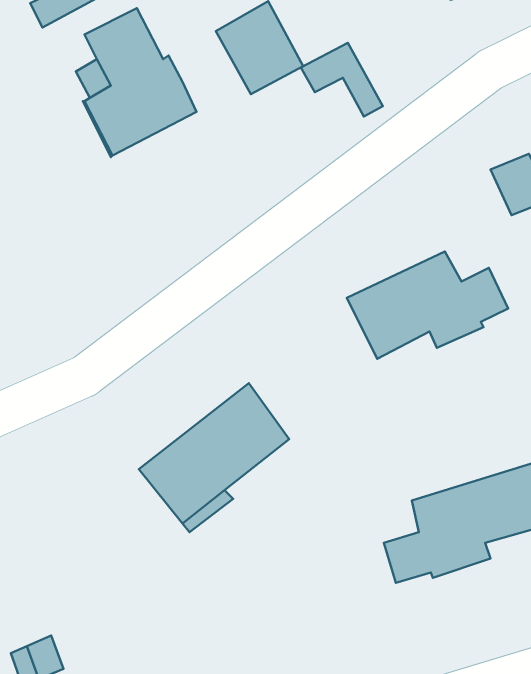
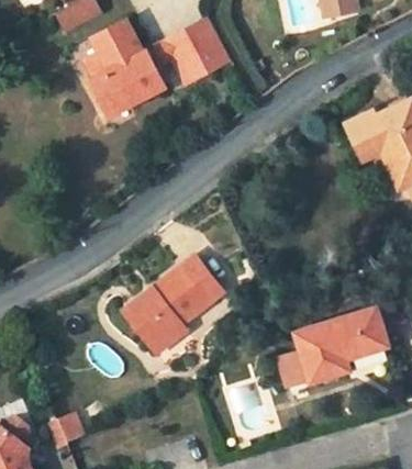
building: [301,43,383,117] -> [145,37,197,83]
building: [347,251,508,359] -> none

